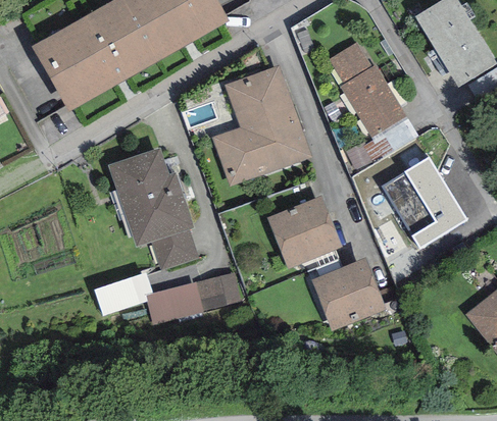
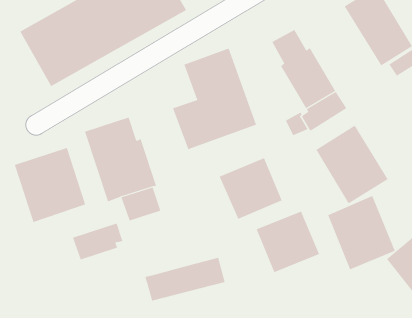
building: none -> [14,147,86,223]
building: none -> [327,195,396,270]
building: [145,272,241,324] -> [145,257,226,301]

